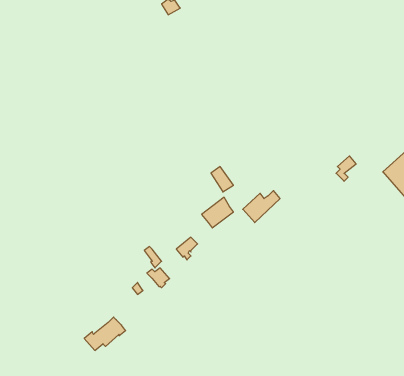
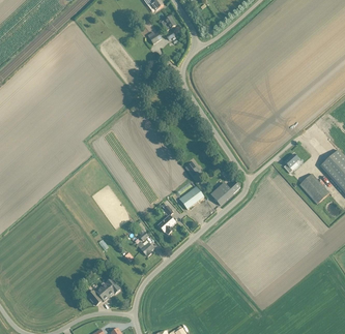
building: none -> [298,173,328,204]

